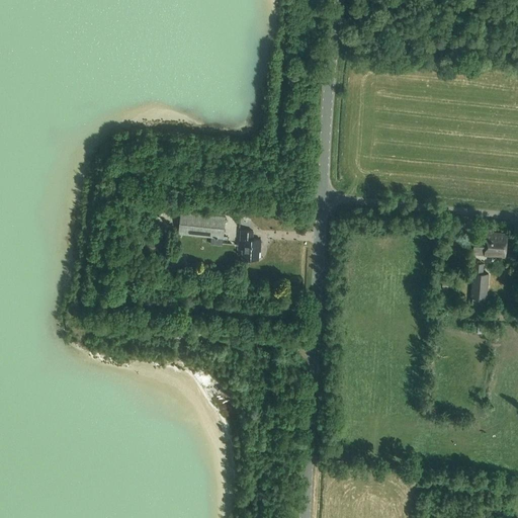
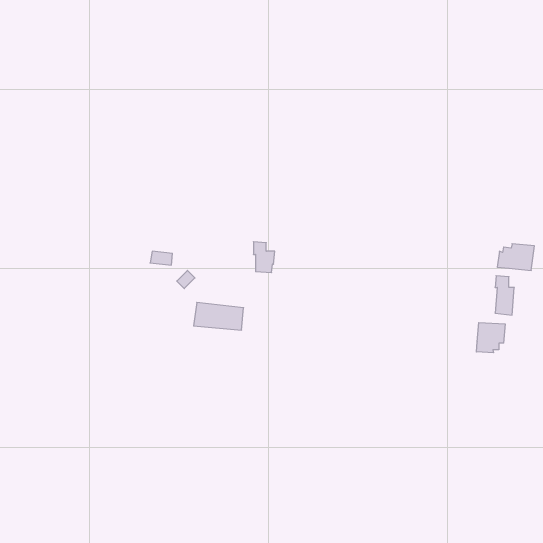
building: [179,211,227,238] -> [194,302,244,330]
building: none -> [476,323,505,353]

